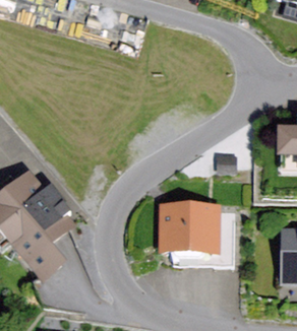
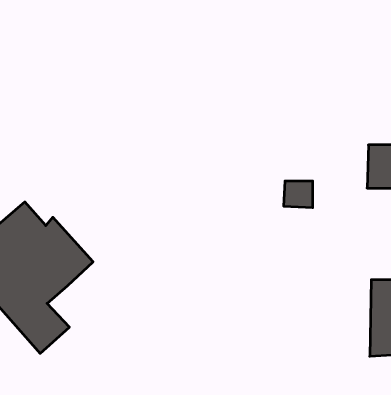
building: [159,204,223,256] -> none

